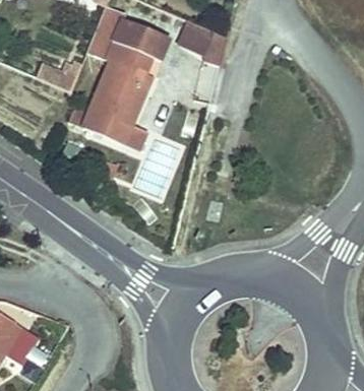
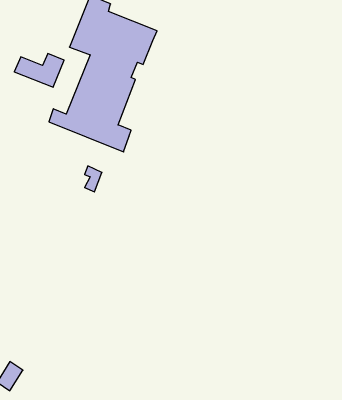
building: [178,20,227,64] -> none

